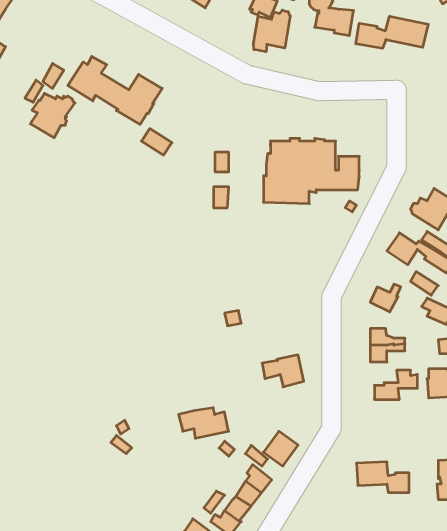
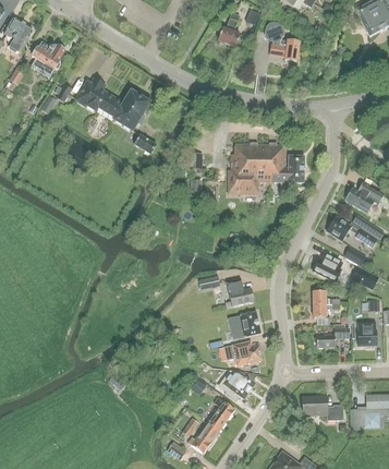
building: [254,10,290,52] -> none
building: [356,16,428,48] -> none
building: [30,93,75,138] -> [31,41,65,76]
building: none -> [226,277,254,306]
building: [179,408,229,438] -> [223,340,263,364]

